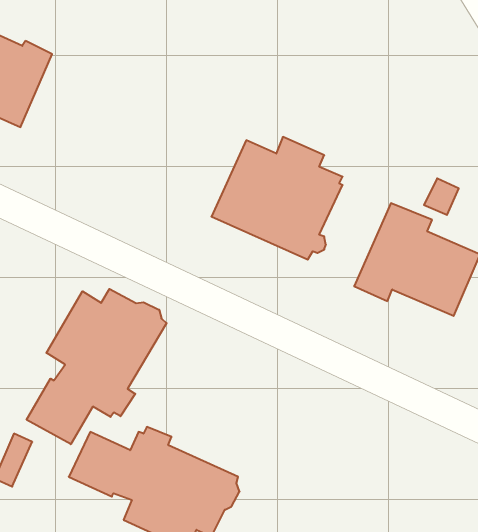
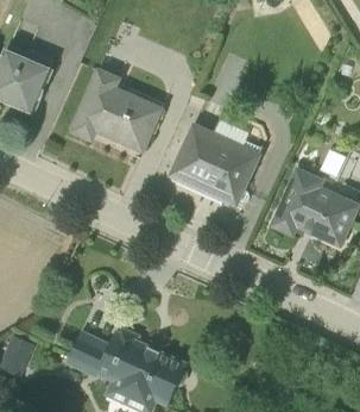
building: none -> [68,67,163,154]
building: [27,289,167,444] -> none

